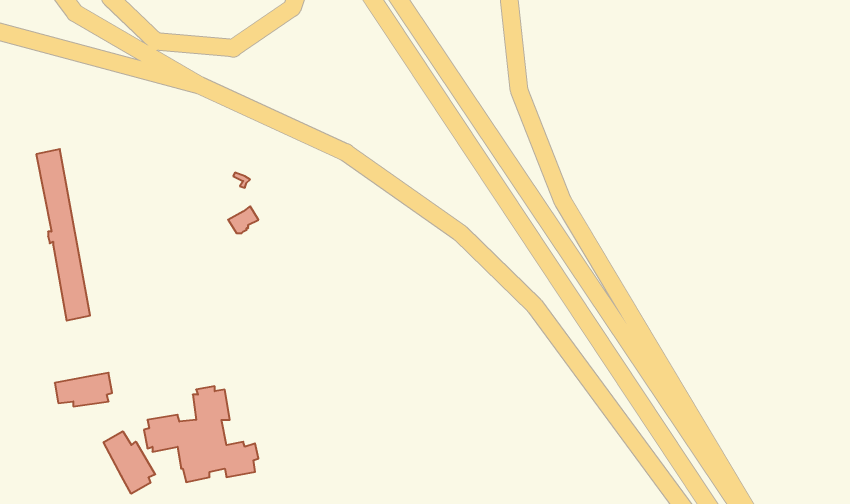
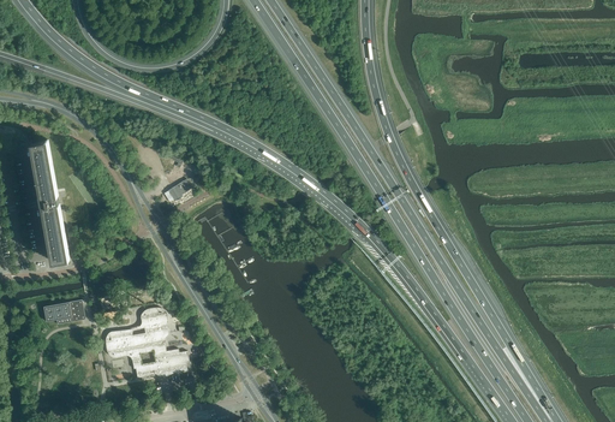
building: [104,431,155,494] -> none

